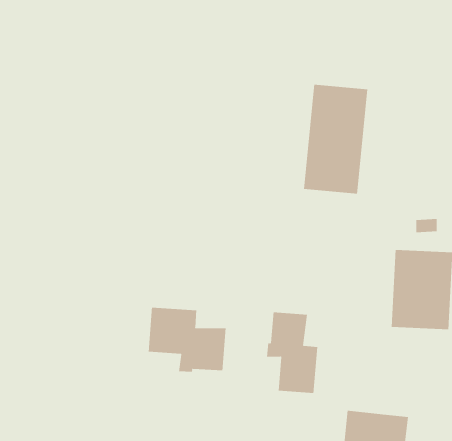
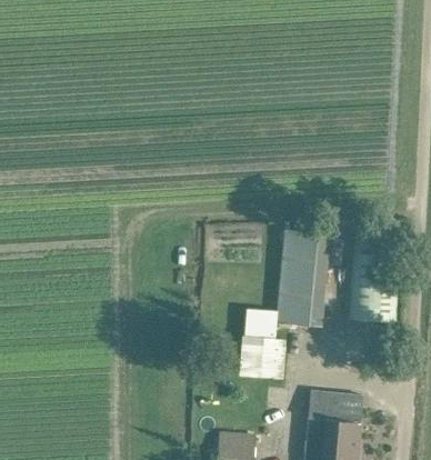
building: [303,84,368,194] -> [275,231,331,326]
building: [148,307,226,373] -> none

